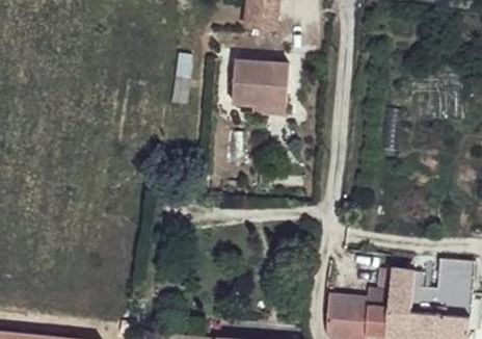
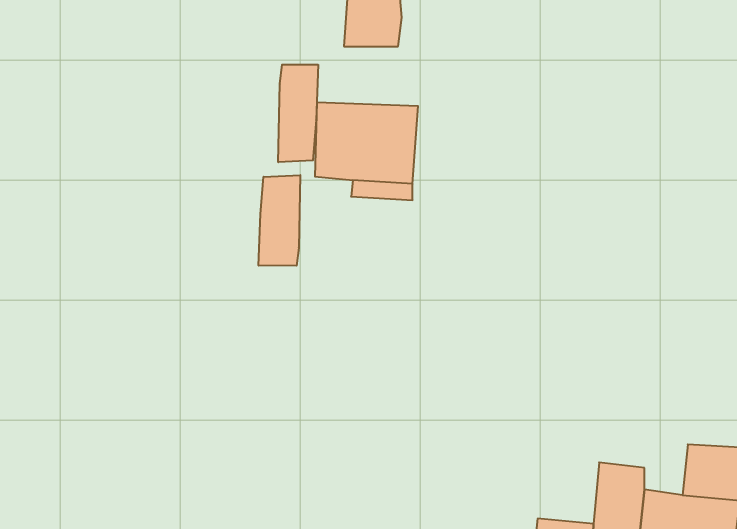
building: none -> [278,65,318,162]
building: none -> [259,175,300,266]

